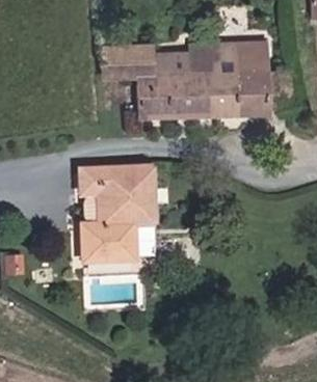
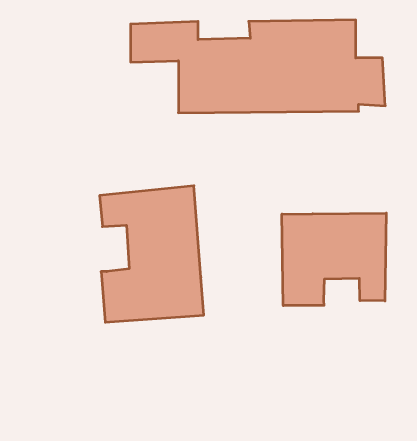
building: none -> [282,213,386,306]

